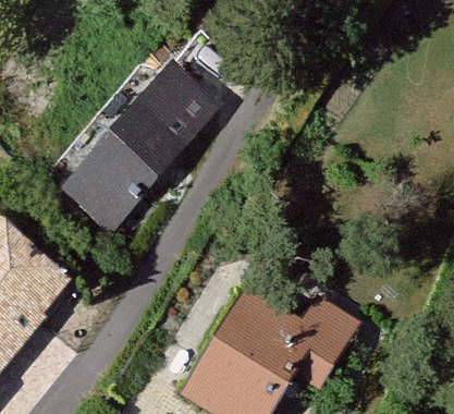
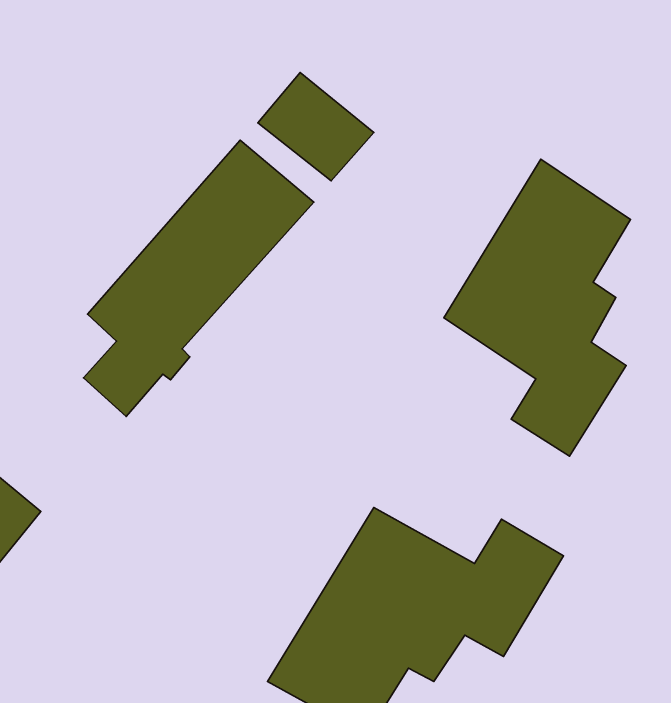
building: none -> [444,159,630,456]

